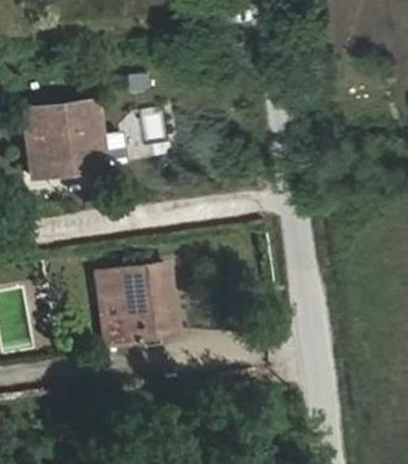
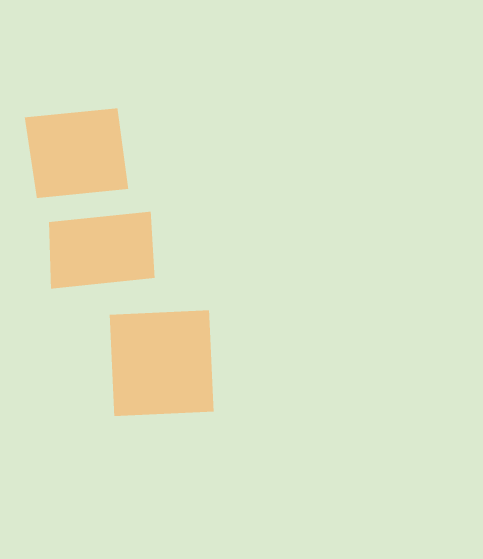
building: none -> [48,211,156,289]

